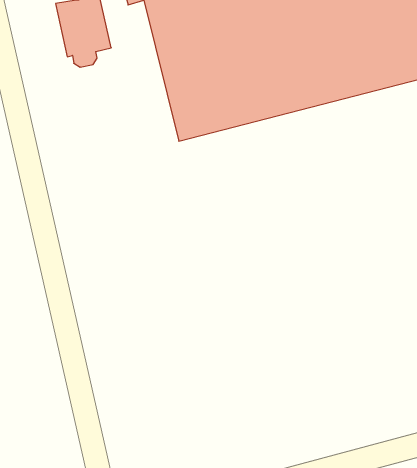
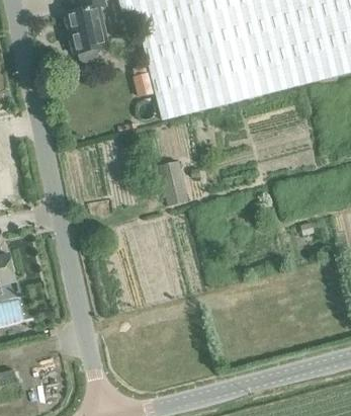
building: none -> [158,161,187,205]

